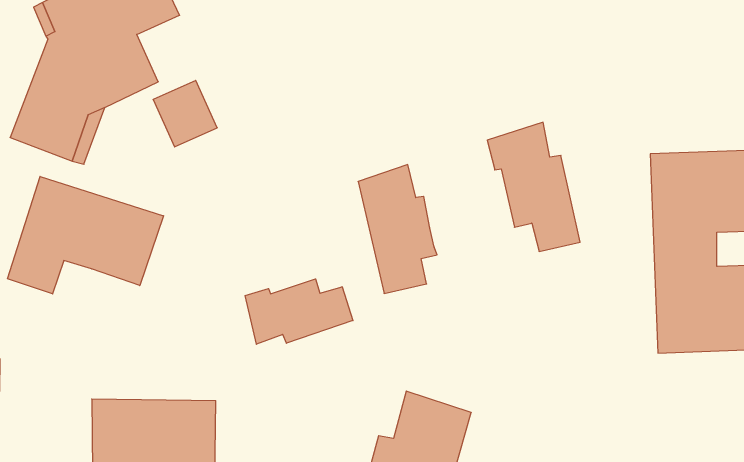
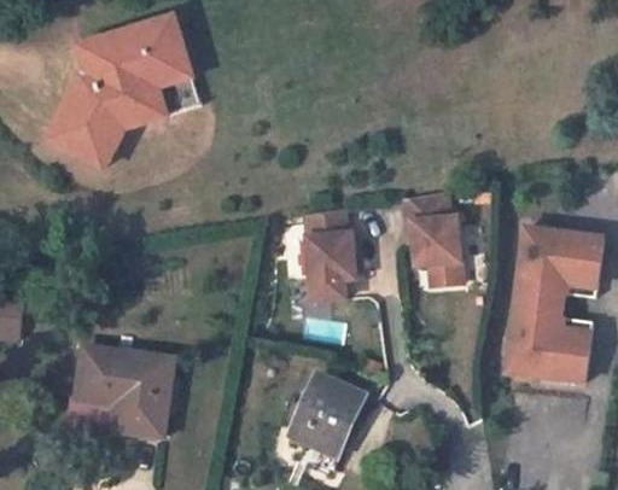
building: [153,80,217,147] -> [154,71,199,118]
building: [7,176,164,294] -> none
building: [245,279,353,344] -> none

